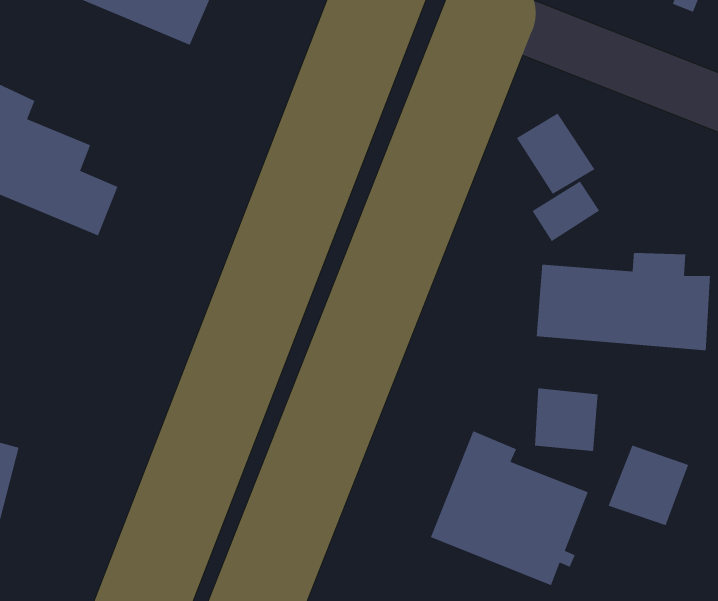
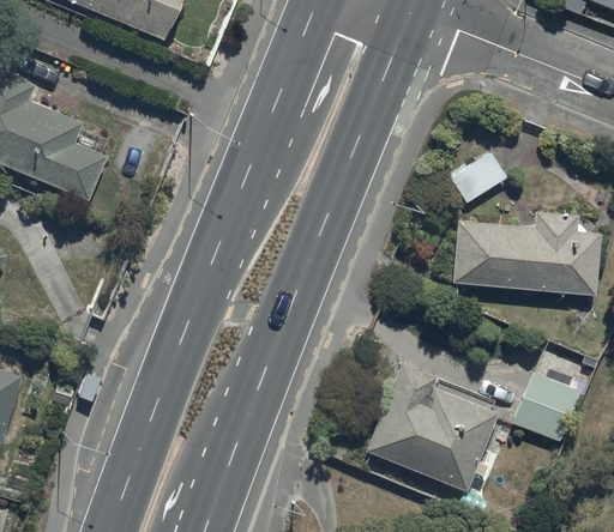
building: [516,112,595,195] -> none
building: [534,388,598,452] -> none

